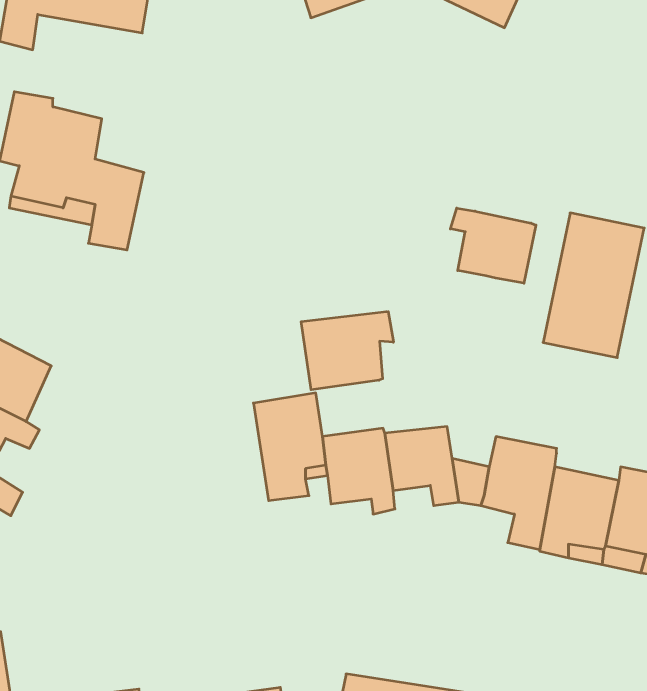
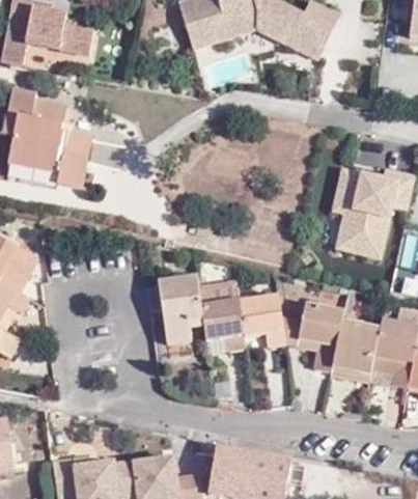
building: [450,208,536,283] -> none
building: [301,312,393,390] -> none

